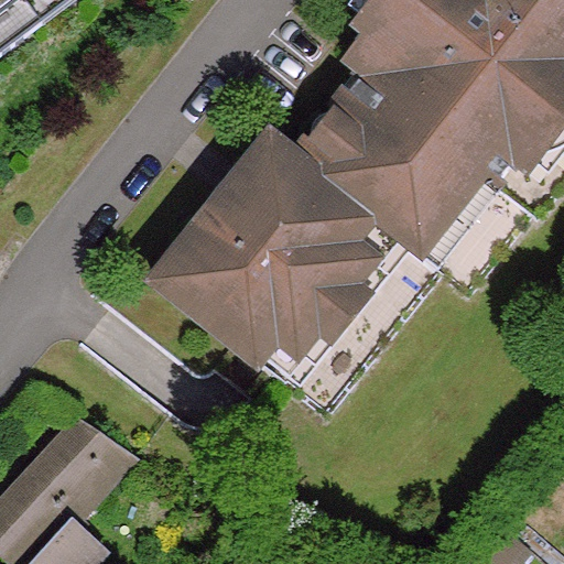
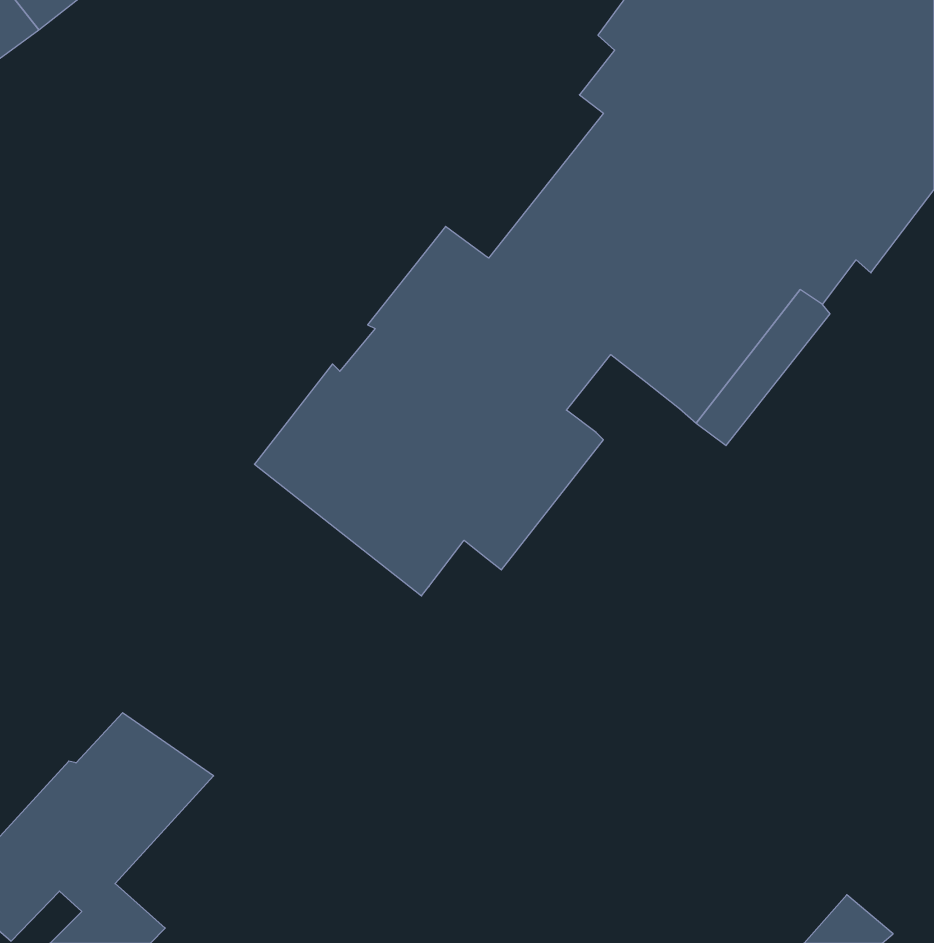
building: [254,210,403,380] -> none

